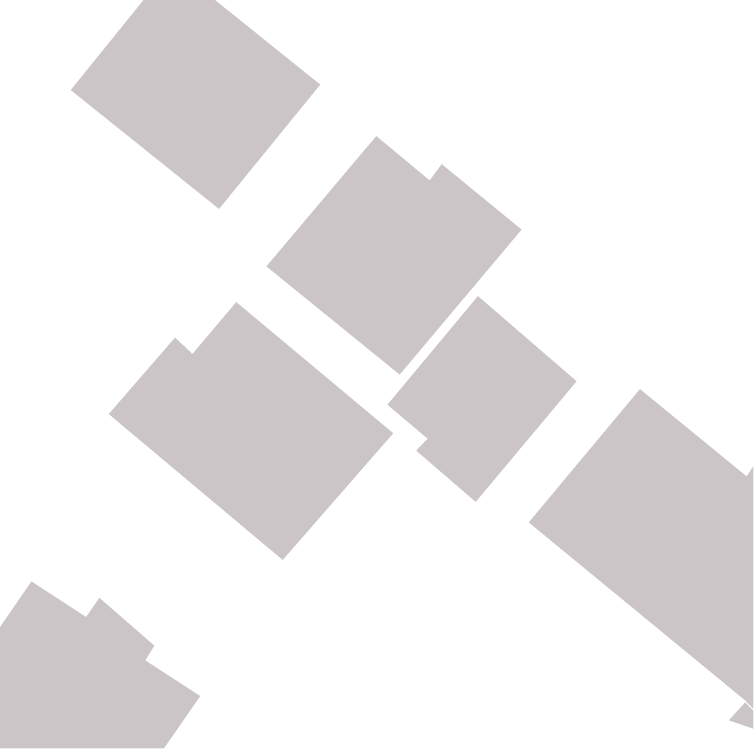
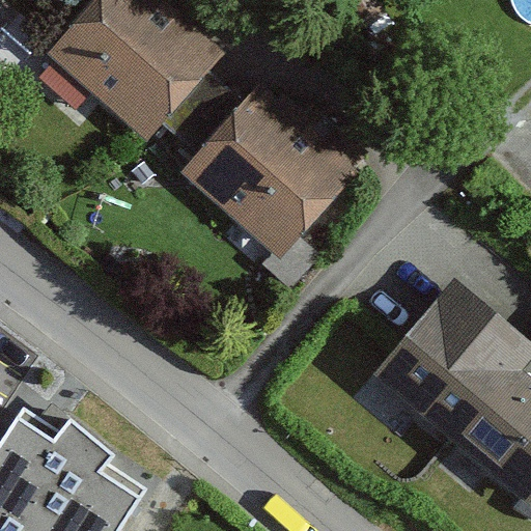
building: [386,295,578,503] -> none
building: [107,301,395,561] -> none

